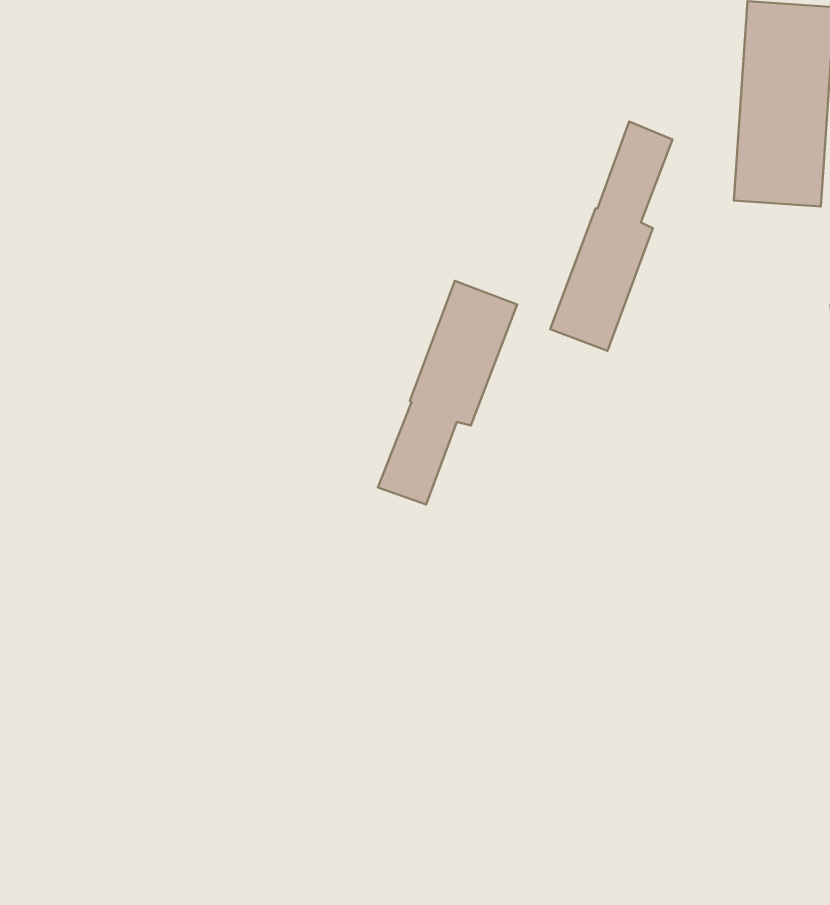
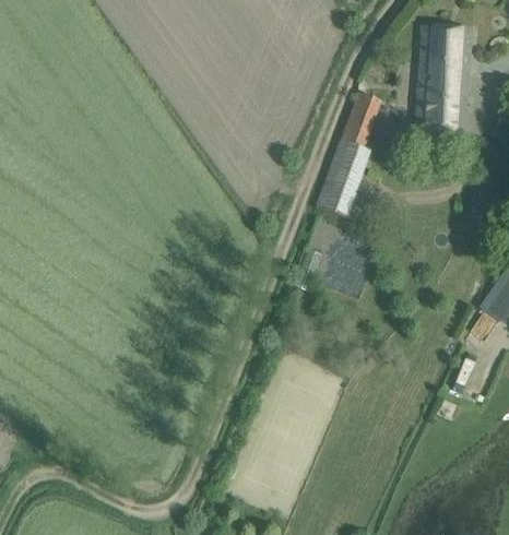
building: [378,281,517,504] -> none

